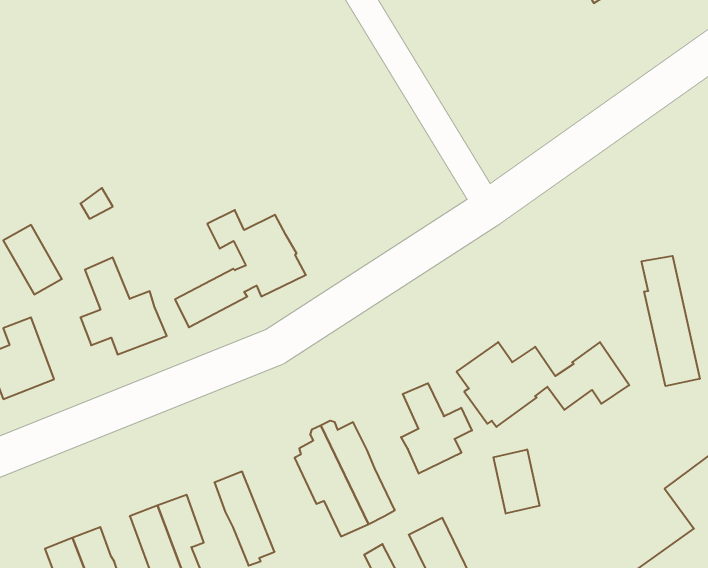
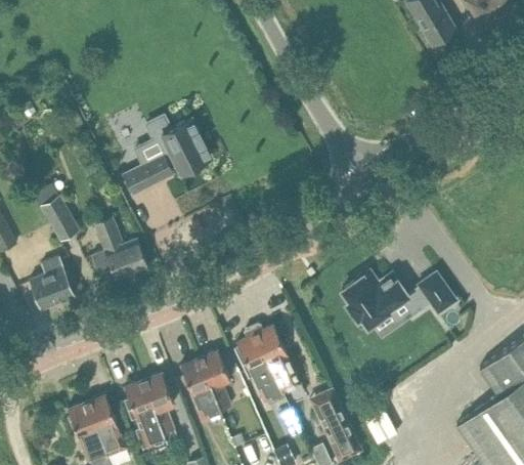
building: [175,210,306,327] -> [124,117,211,195]
building: [642,256,700,386] -> none
building: [401,383,472,474] -> none
building: [493,449,540,514] -> none
building: none -> [199,351,231,412]

